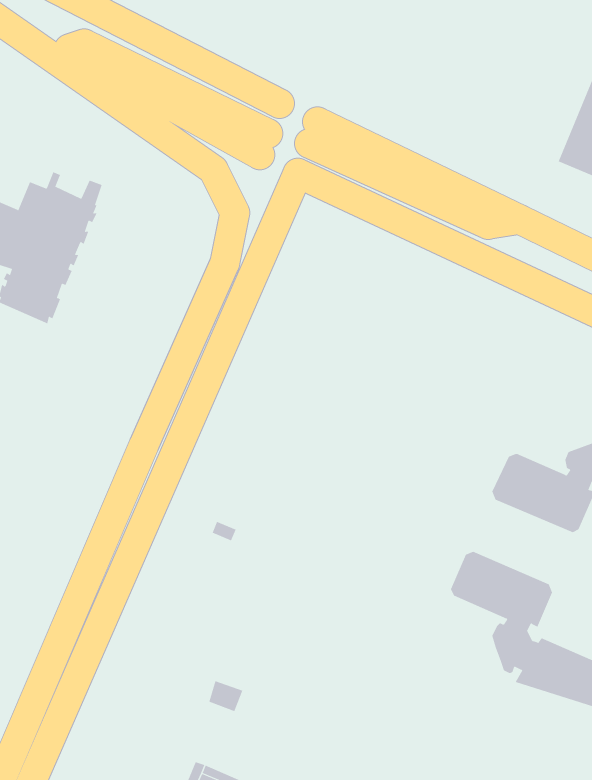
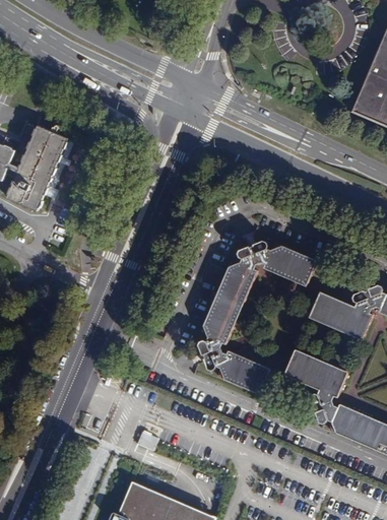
building: none -> [197,240,316,395]

